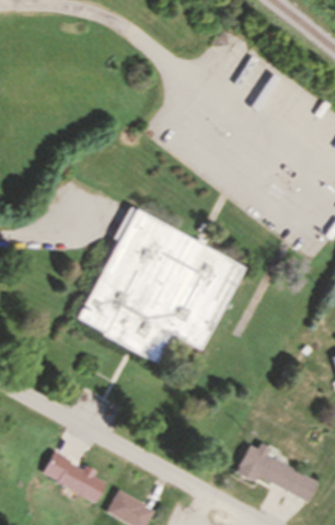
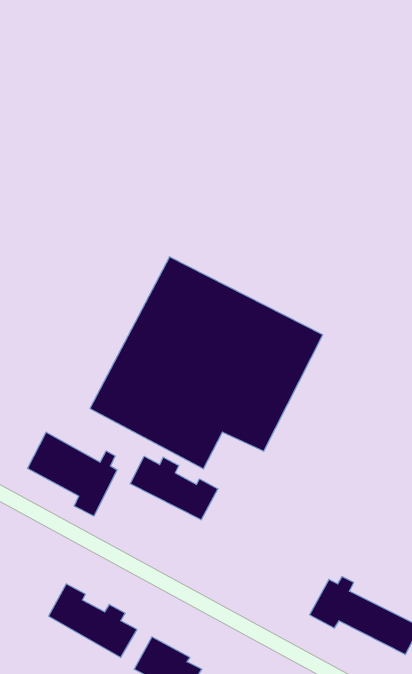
building: none -> [28,432,117,516]
building: none -> [130,456,218,520]

